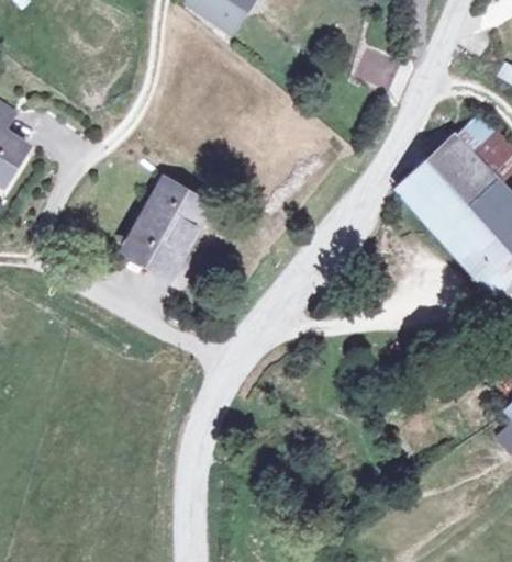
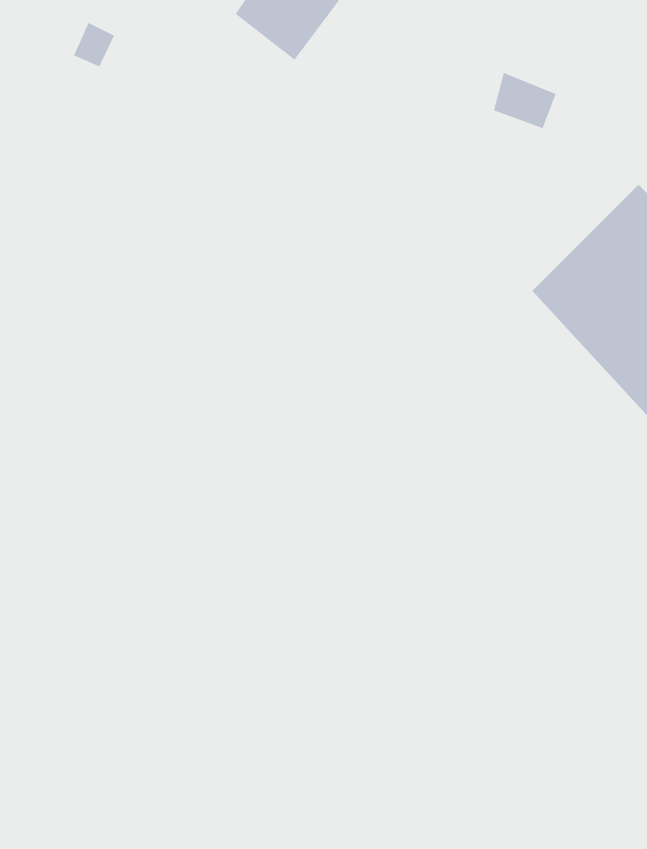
building: [121,172,207,255] -> none

